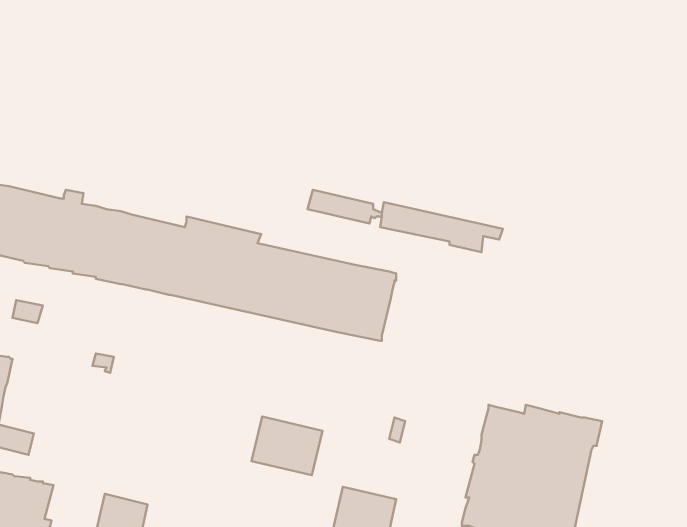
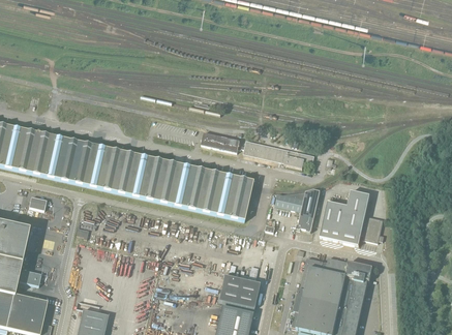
building: none -> [275,188,320,230]
building: none -> [320,189,384,244]
building: [251,417,323,475] -> [218,274,260,308]

